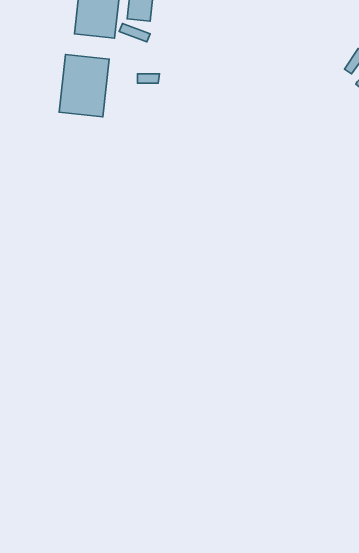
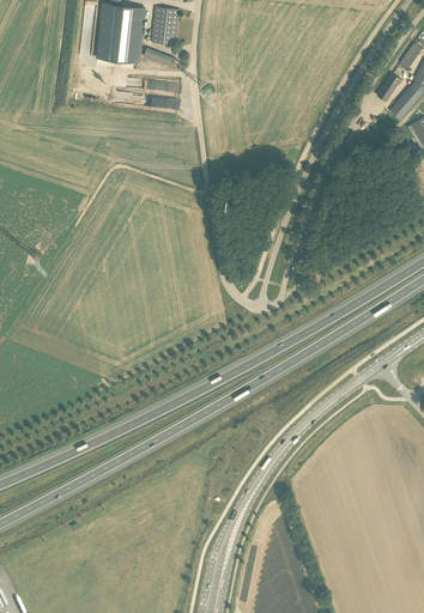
building: [59,55,109,117] -> none

